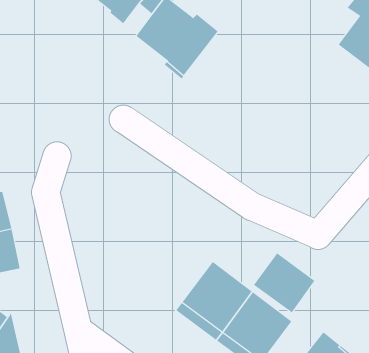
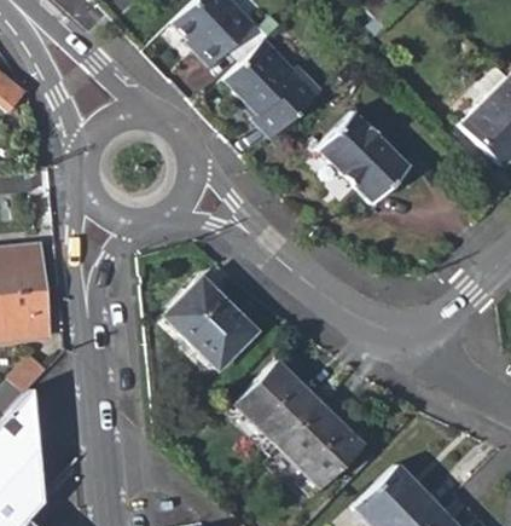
building: none -> [304,112,411,204]
building: none -> [163,277,256,371]
building: [253,252,315,313] -> none

